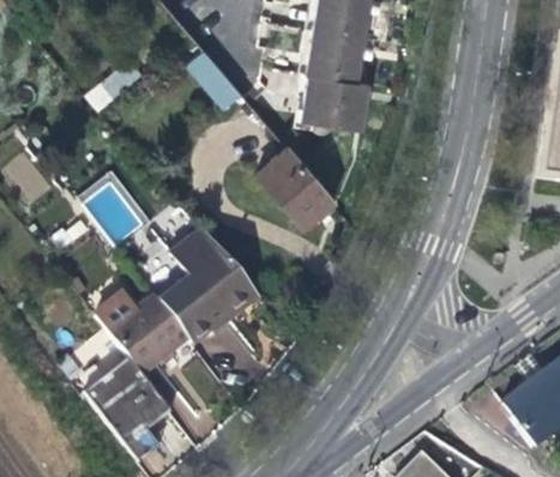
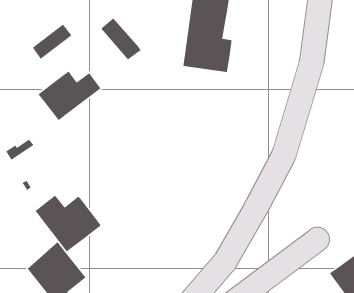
building: none -> [37,70,101,121]
building: [258,145,336,225] -> none
building: [162,228,259,343] -> none

